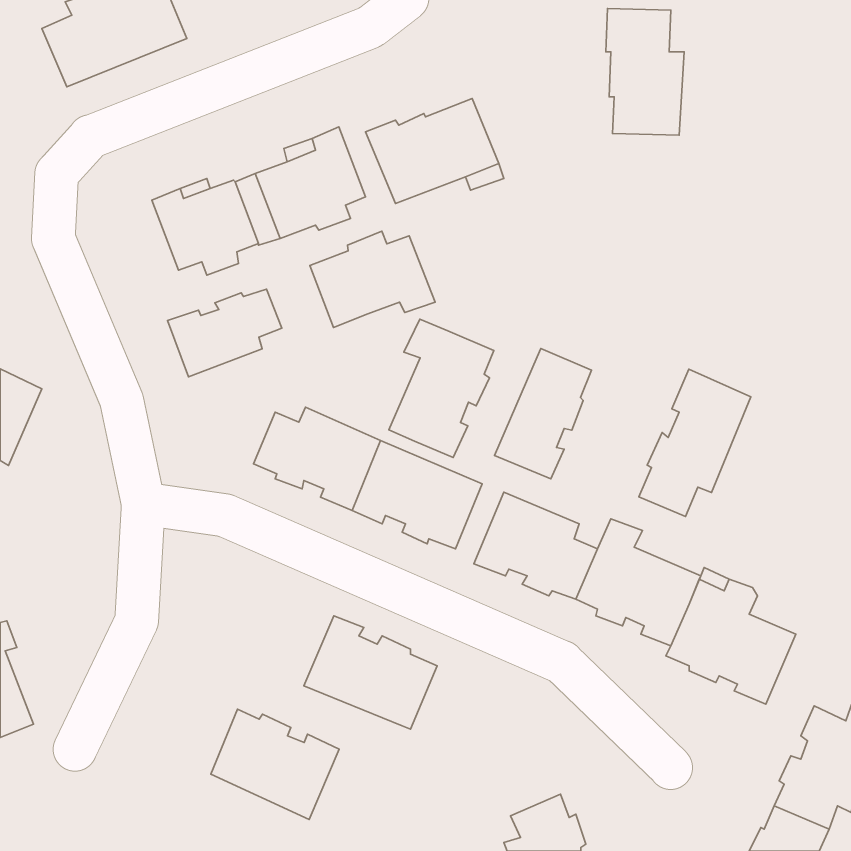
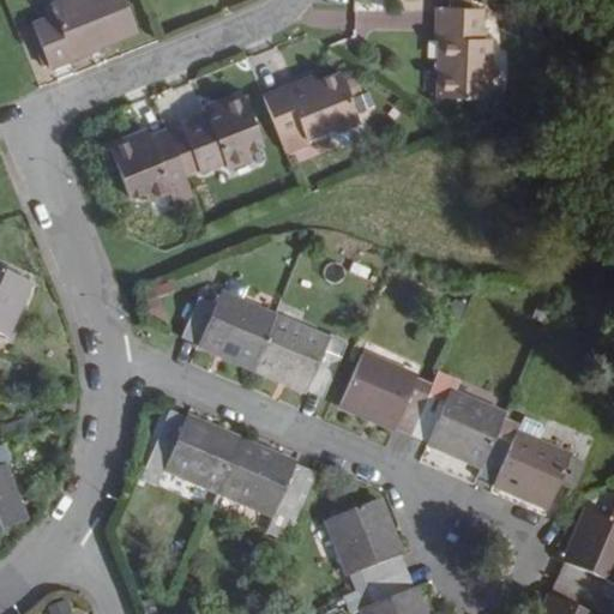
building: [310,231,435,327] -> none
building: [168,289,282,377] -> none
building: [389,319,494,457] -> none
building: [494,349,592,479] -> none
building: [639,369,751,517] -> none
building: none -> [327,498,404,586]
building: [211,709,339,819] -> [149,414,241,493]

